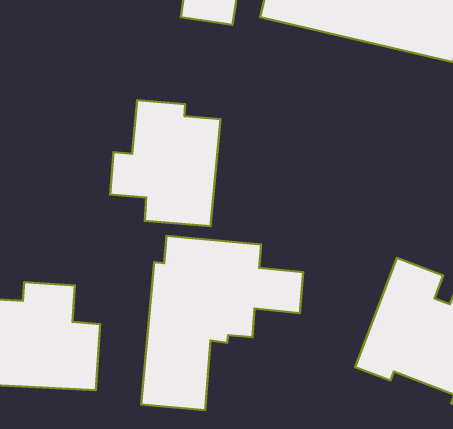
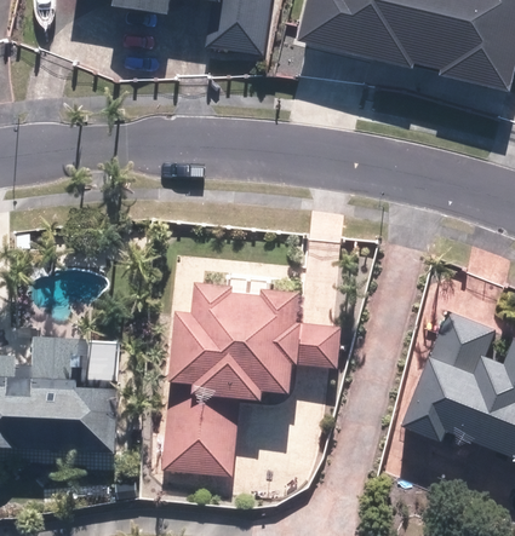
building: [110,100,221,226] -> none

